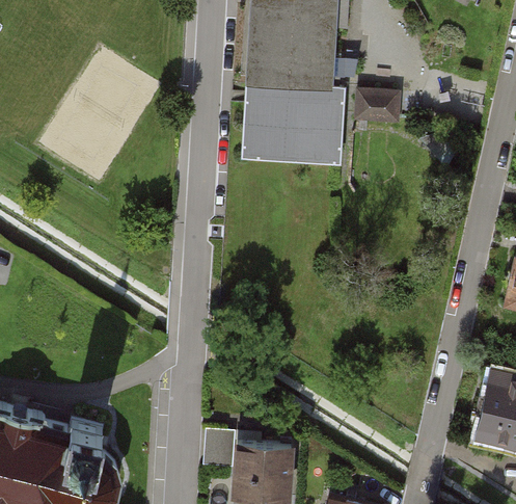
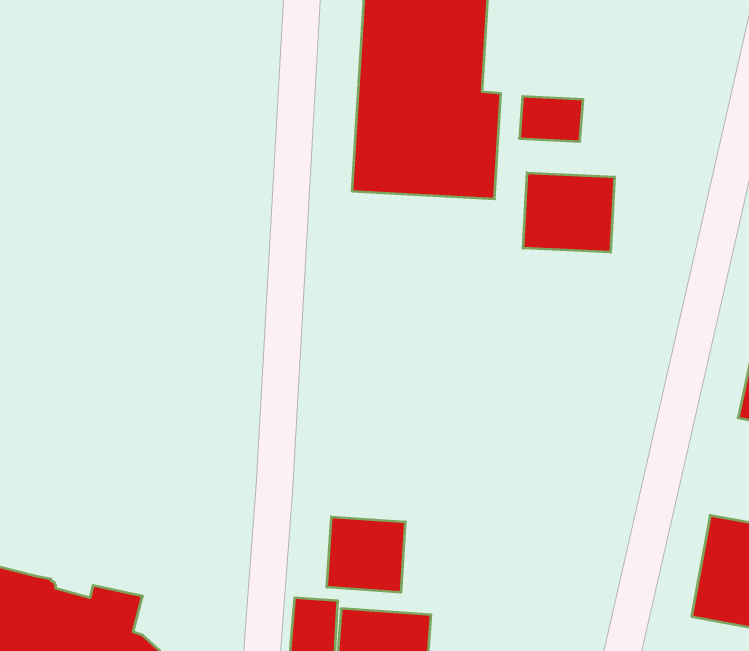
building: none -> [523,173,614,252]
building: none -> [327,517,405,592]

